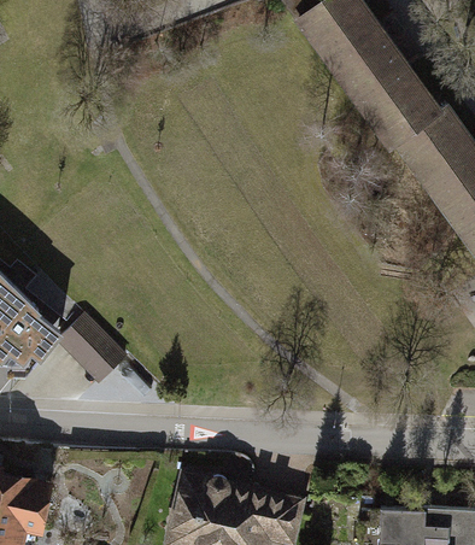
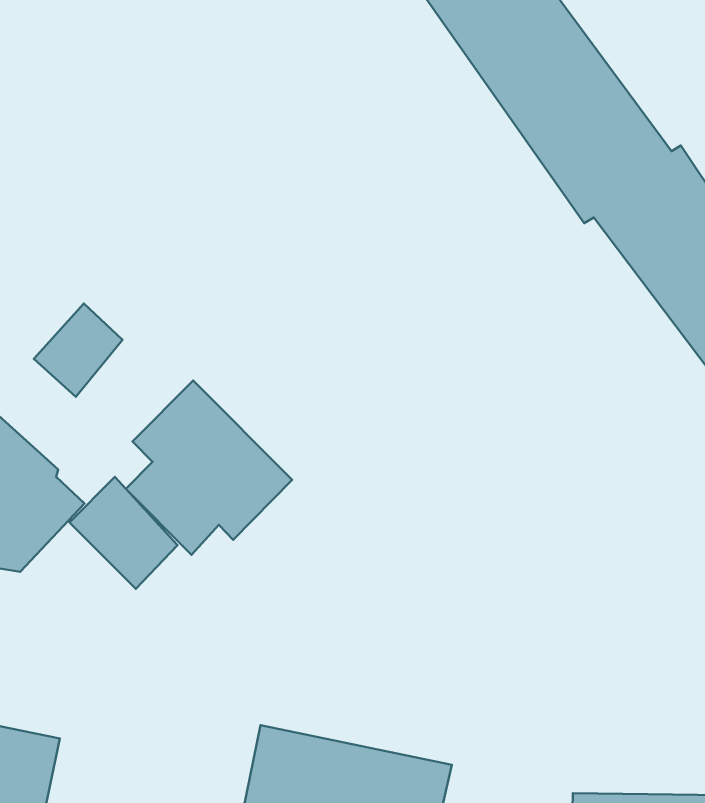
building: none -> [34,303,122,397]
building: none -> [126,380,292,555]

